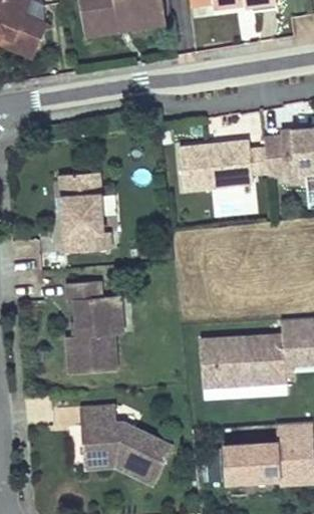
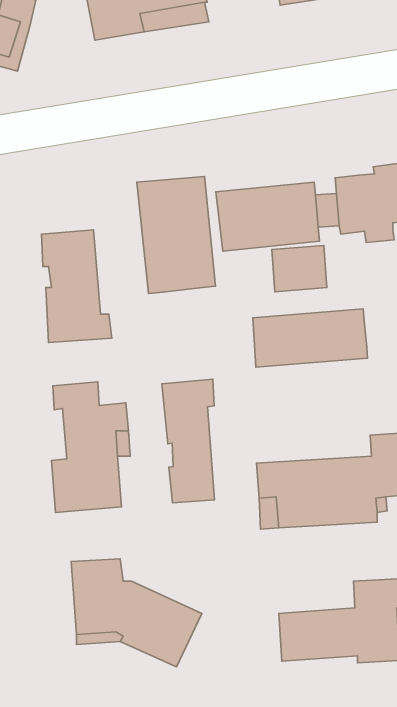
building: none -> [137,176,216,293]
building: none -> [253,309,368,367]
building: none -> [162,379,214,503]

